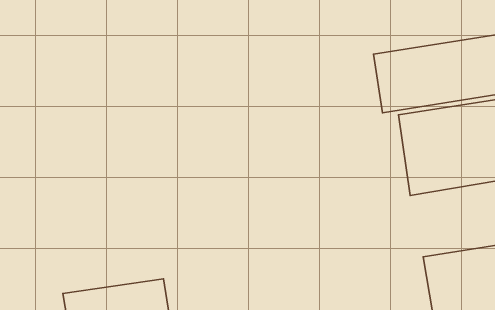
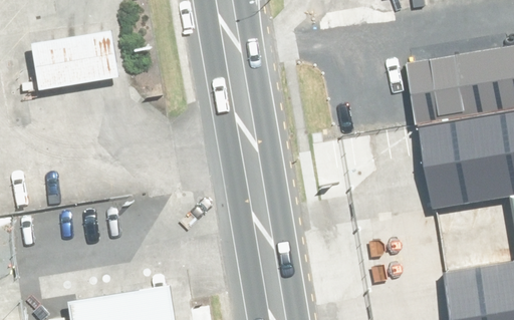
building: none -> [37,29,125,92]

